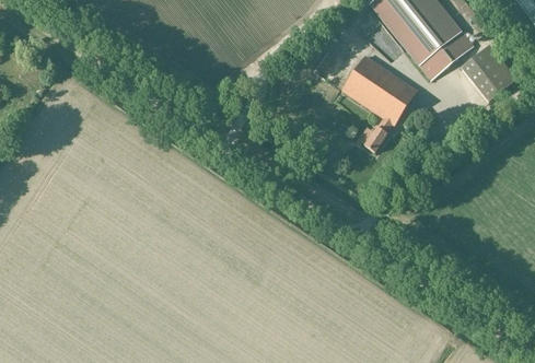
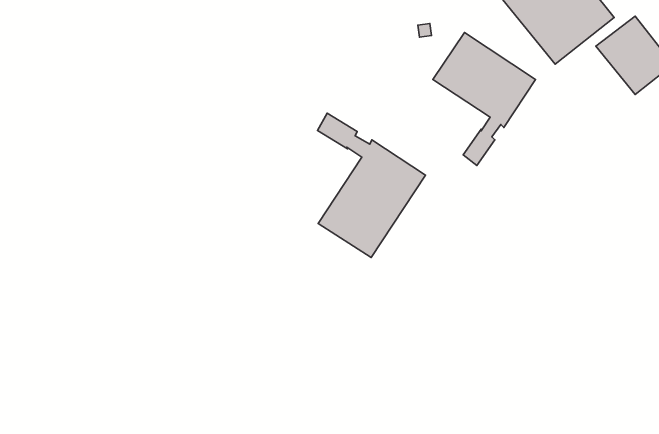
building: none -> [317,113,425,258]

